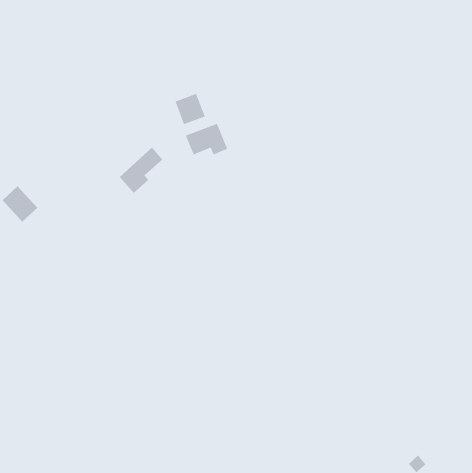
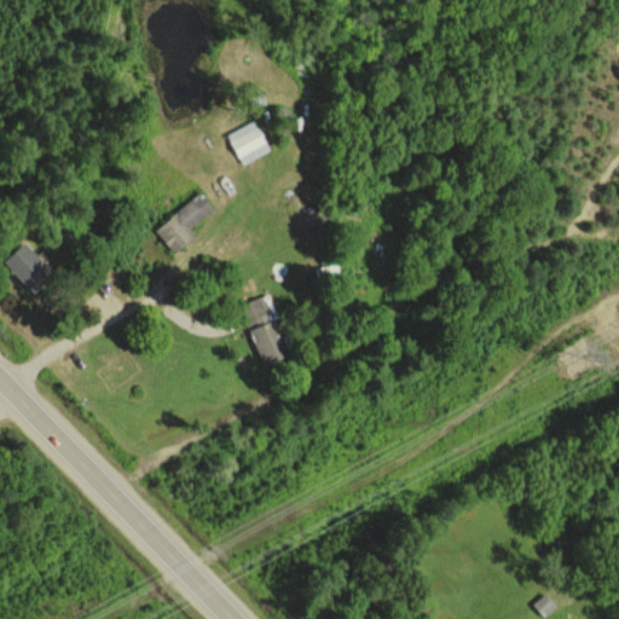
building: [185,123,228,156] -> none
building: none -> [241,296,290,366]

